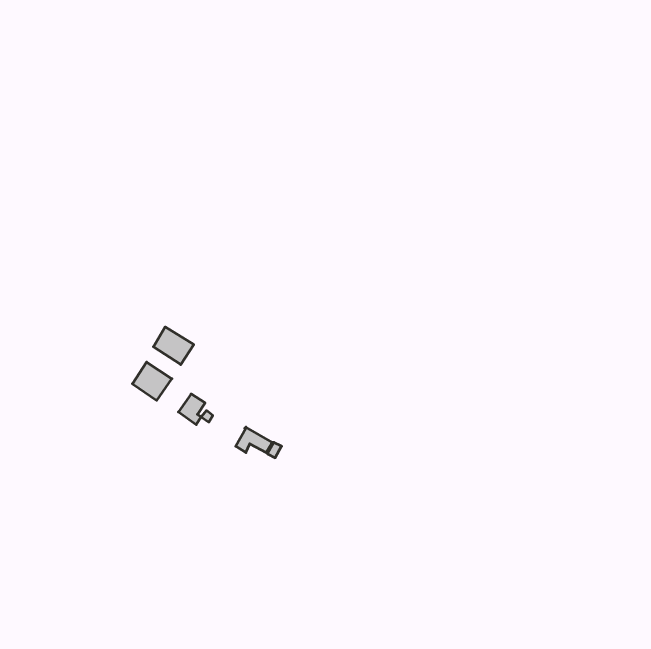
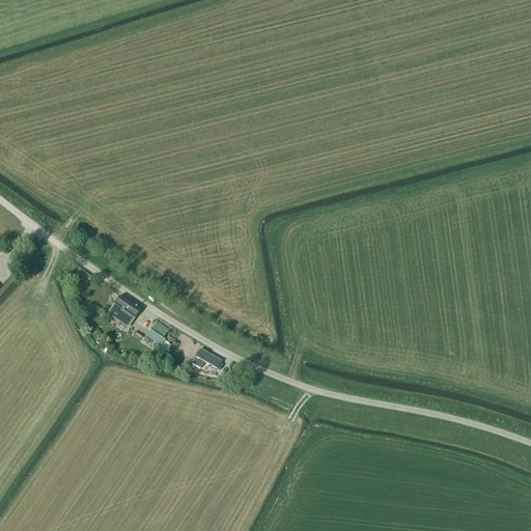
building: [153,327,194,365] -> none

